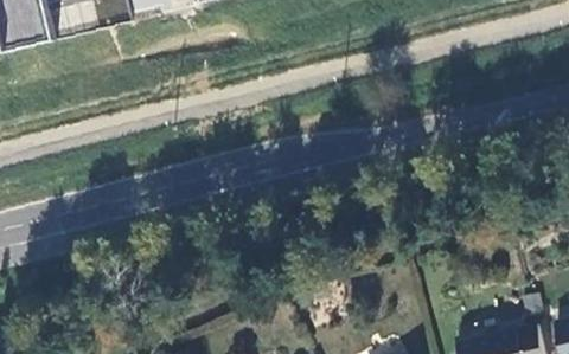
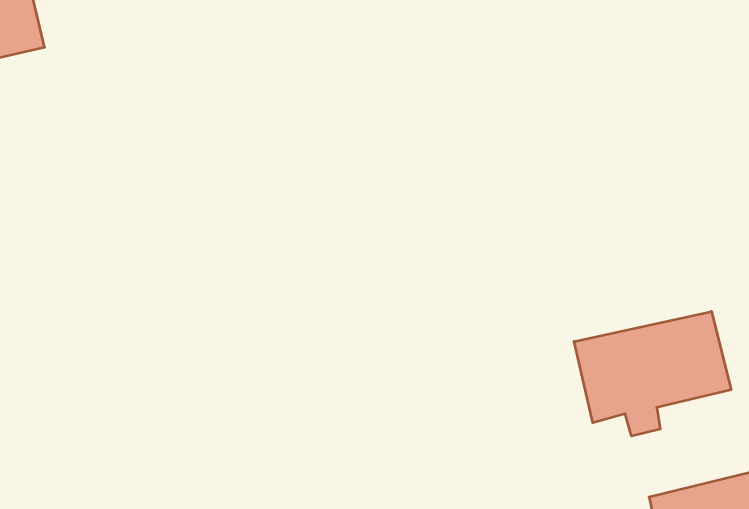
building: none -> [574,311,731,436]

